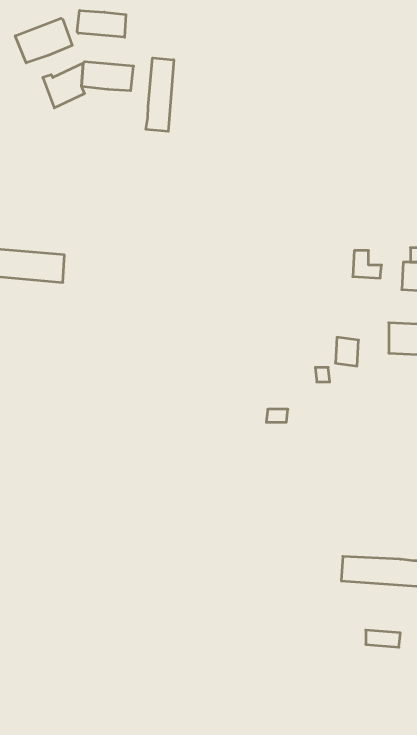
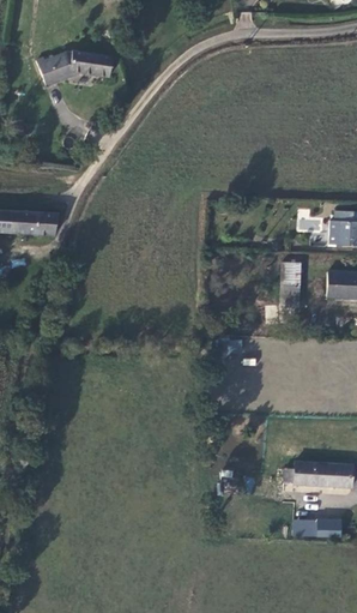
building: [77,10,126,37] -> none
building: [15,18,72,63] -> none
building: [146,58,174,131] -> none

